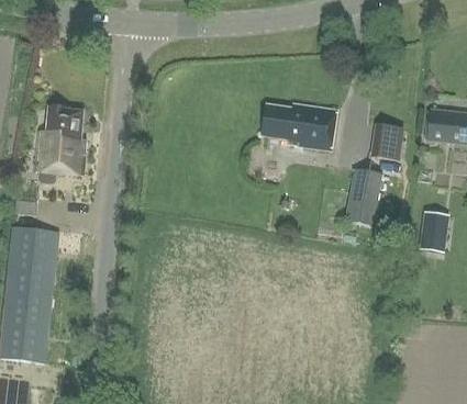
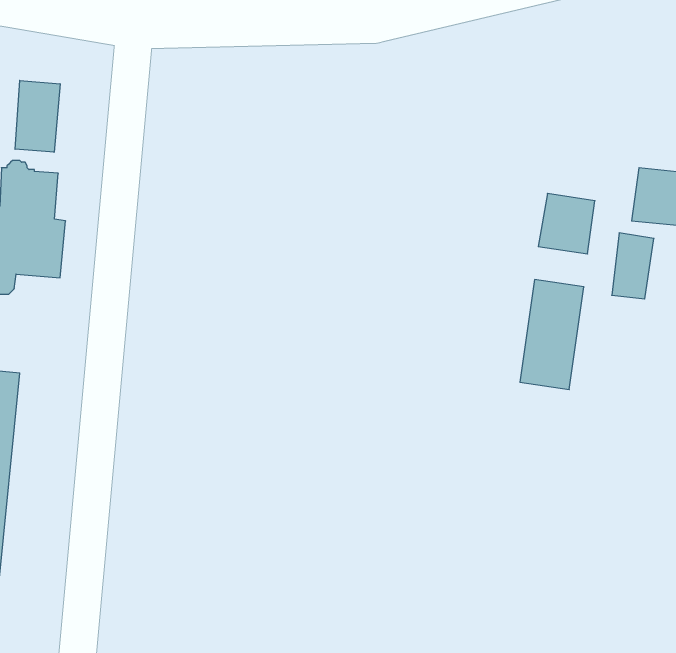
building: none -> [15,80,60,152]
building: [259,103,335,150] -> none
building: [419,211,444,250] -> [612,233,654,299]

